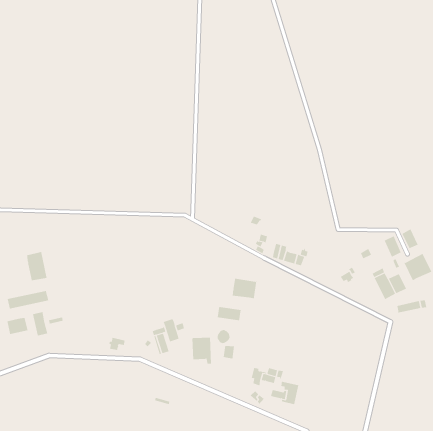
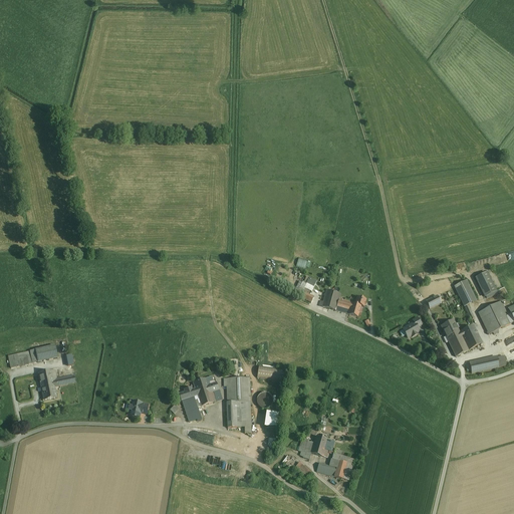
building: [26,251,47,281] -> none
building: [232,278,257,299] -> none
building: [7,317,28,335] -> none
building: none -> [224,376,250,401]

